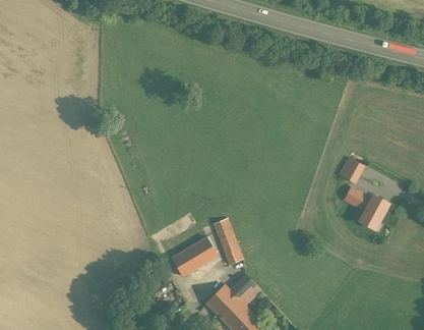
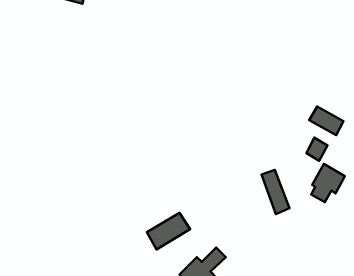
building: none -> [309,107,344,135]
building: [215,219,244,266] -> [262,170,289,214]

